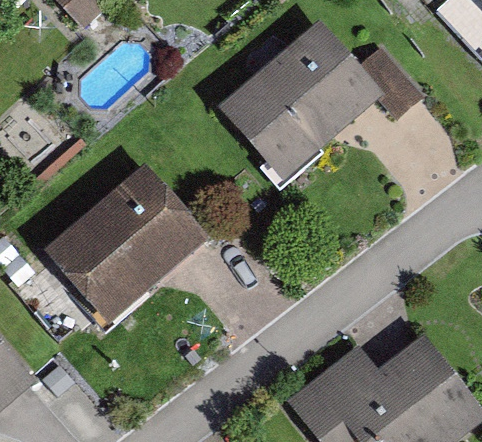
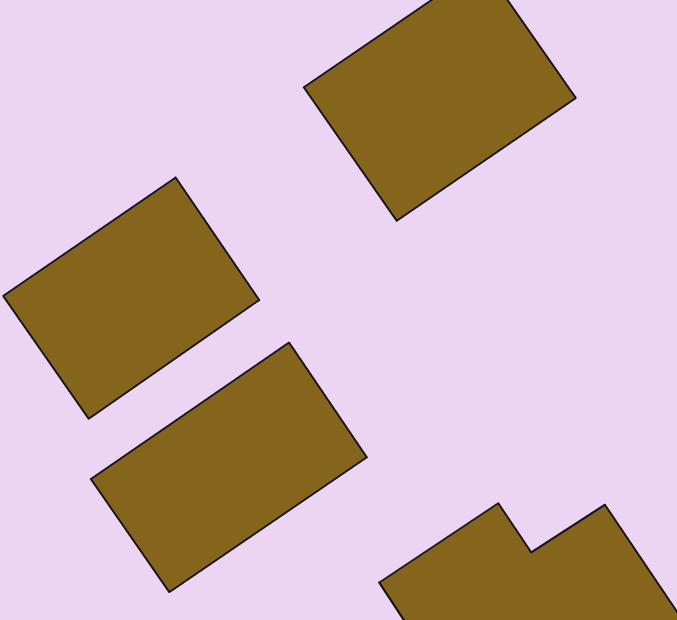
building: none -> [91,343,367,592]

